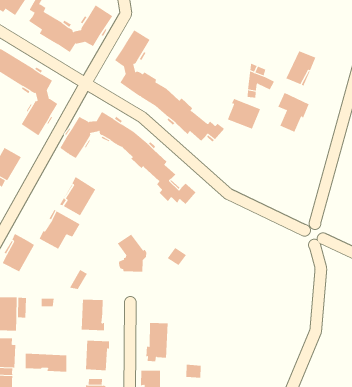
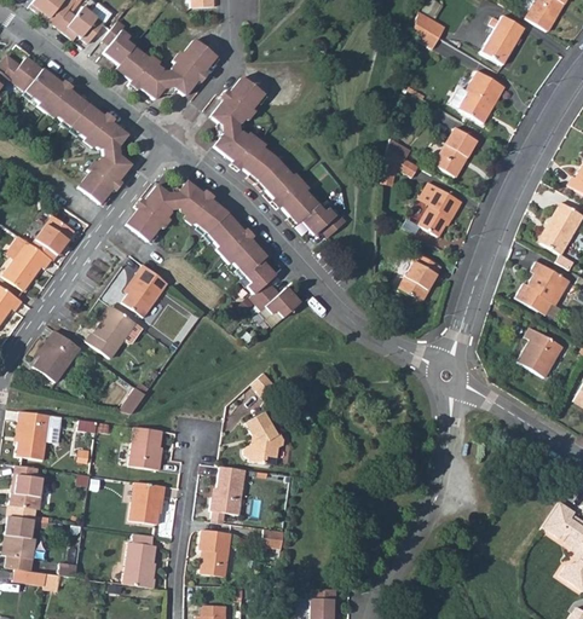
building: none -> [451,70,506,122]
building: [227,98,261,130] -> none
building: none -> [399,254,441,301]
building: [117,234,147,272] -> [244,413,284,465]
building: [25,353,67,373] -> none

